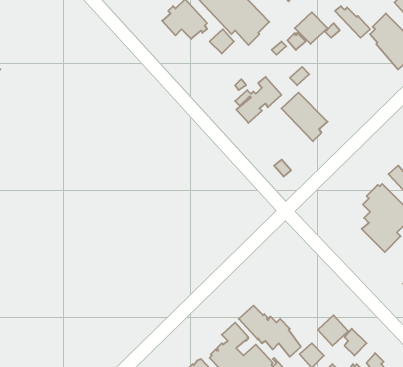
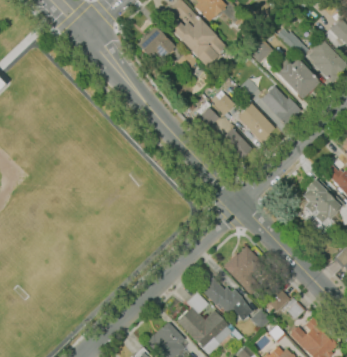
building: none -> [275,58,320,100]
building: none -> [261,86,302,125]
building: none -> [220,127,253,160]
building: none -> [224,246,264,295]

